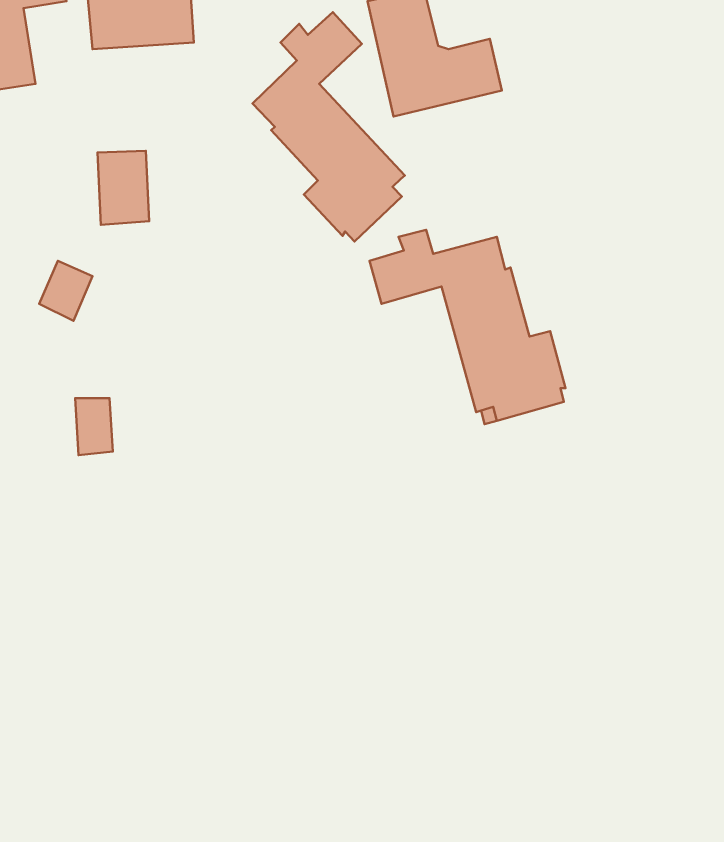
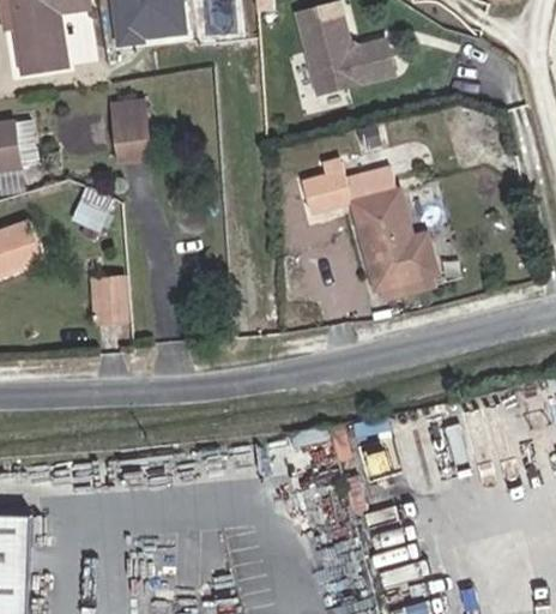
building: [252,12,405,241] -> none

